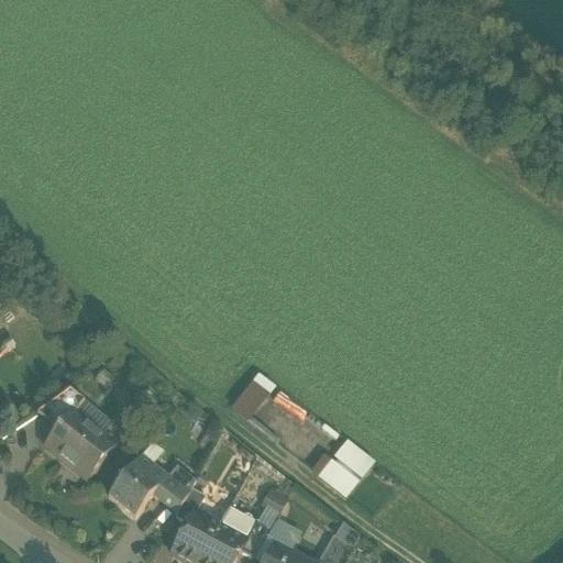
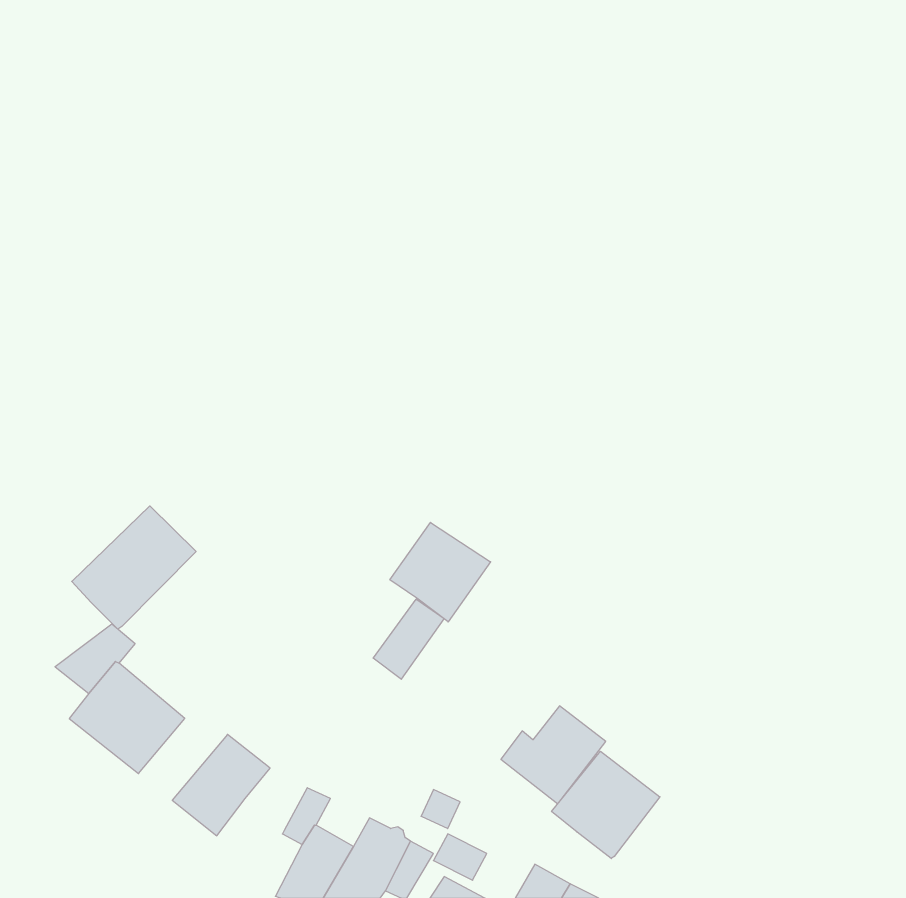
building: none -> [72,506,196,629]
building: none -> [390,522,491,622]
building: [152,464,195,514] -> none
building: none -> [552,751,660,859]

